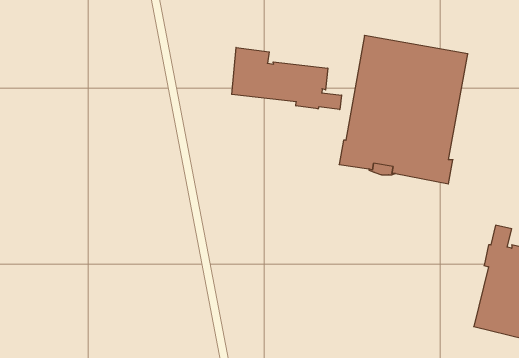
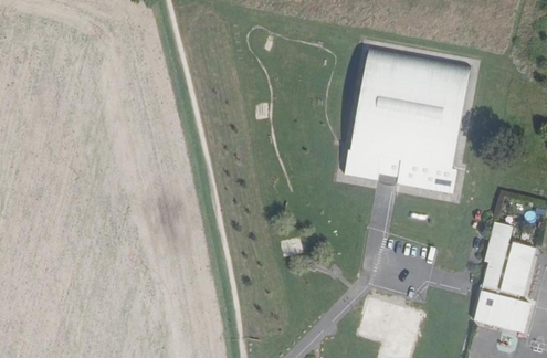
building: [232,47,342,110] -> none

